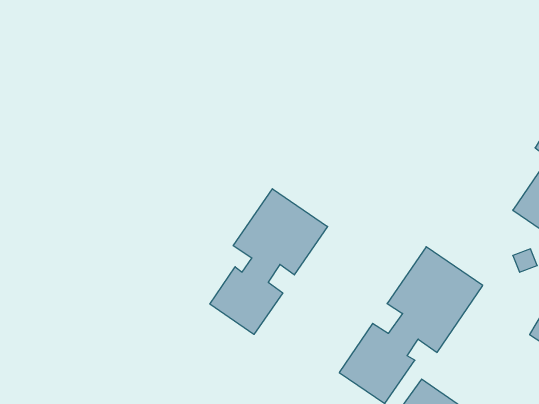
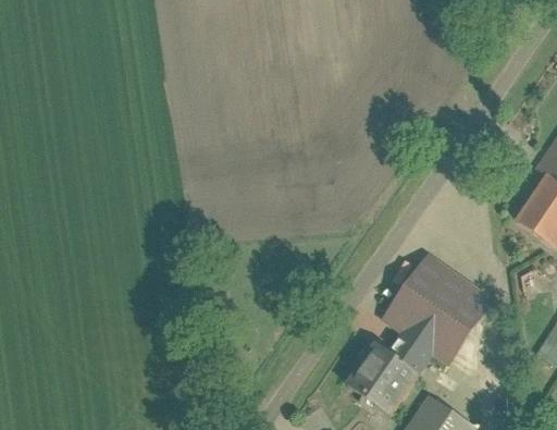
building: [210,189,328,334] -> none

